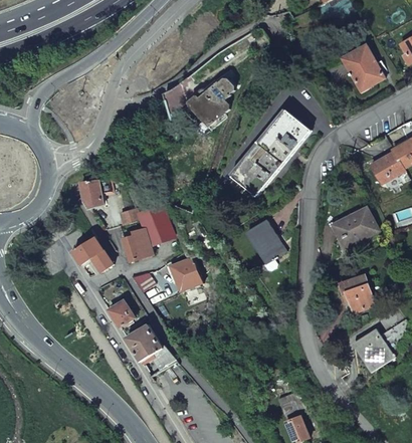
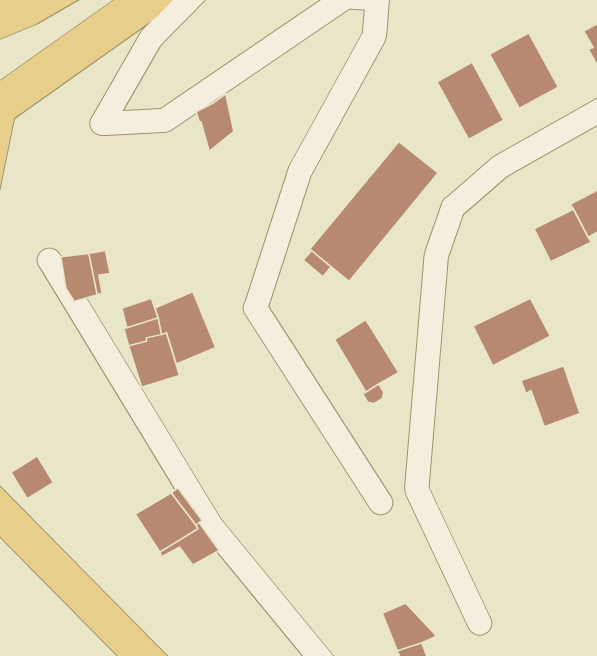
building: none -> [437,62,504,139]
building: [188,69,233,125] -> none
building: [71,236,113,271] -> none
building: [168,256,200,291] -> none
building: [338,274,374,311] -> [521,366,580,427]
building: [108,300,134,326] -> [11,456,54,499]
building: [354,327,393,370] -> none

